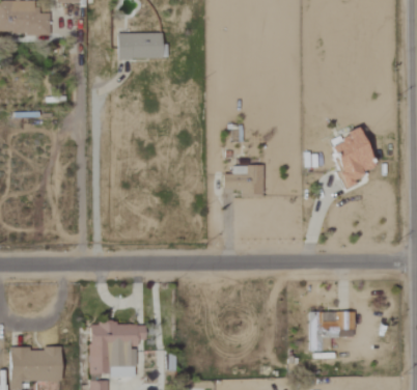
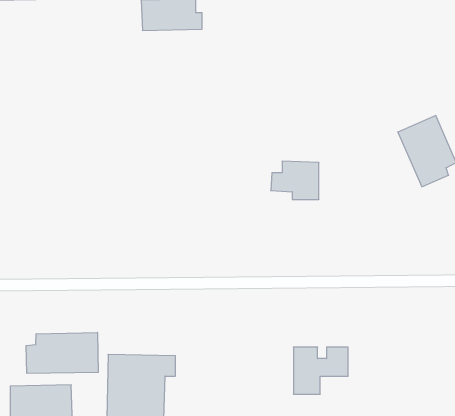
building: none -> [26,332,98,373]
building: [310,312,355,351] -> [293,347,348,394]

